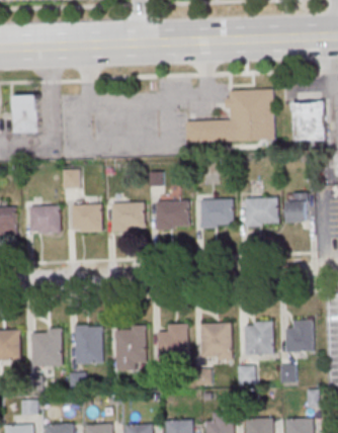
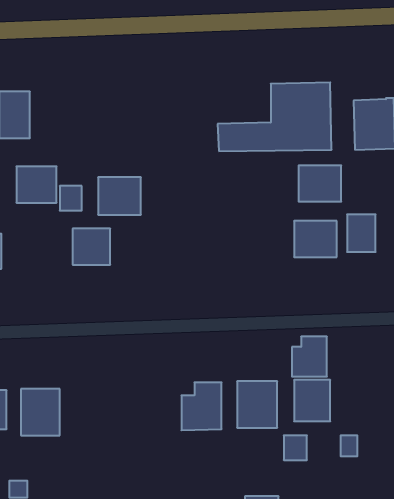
building: [200,199,234,228] -> [299,165,341,202]
building: [156,200,189,230] -> none
building: [111,202,145,232] -> [98,177,141,215]
building: [29,205,61,234] -> [16,166,57,203]
building: [285,321,313,352] -> [292,337,327,377]
building: [75,326,102,363] -> none
building: [115,326,147,370] -> none

